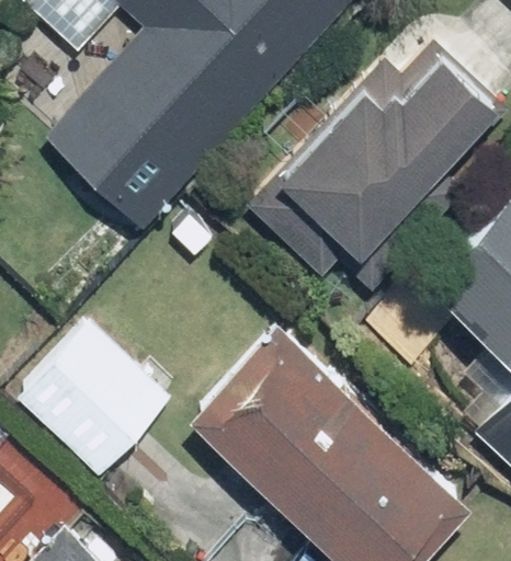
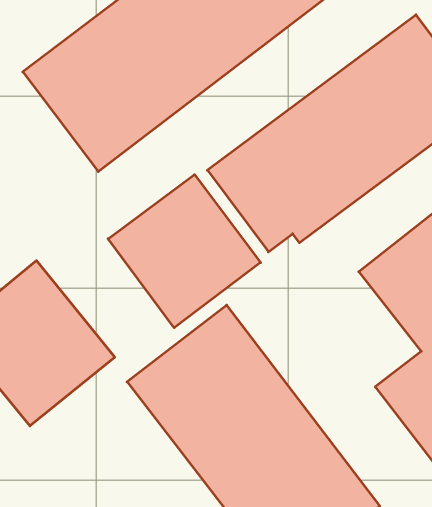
building: none -> [108,175,261,328]

